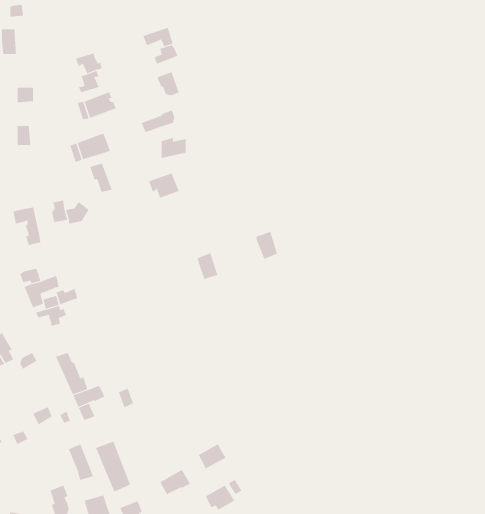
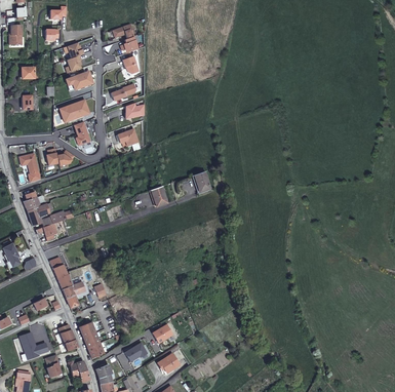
building: none -> [19,332,48,359]

